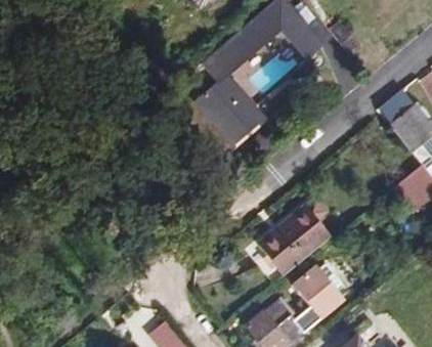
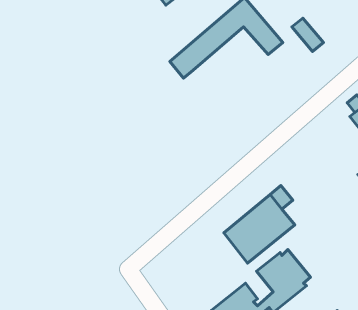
building: [196,75,262,143] -> none

